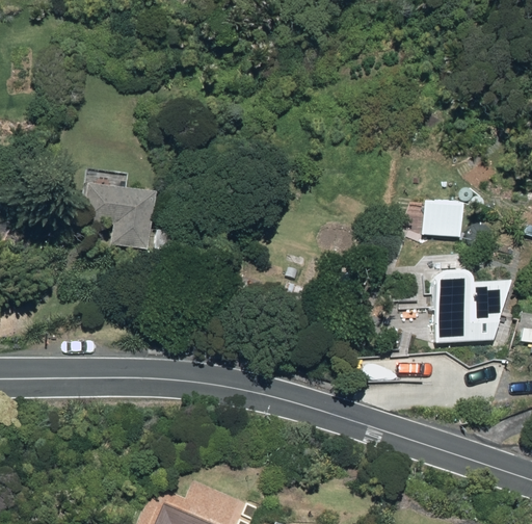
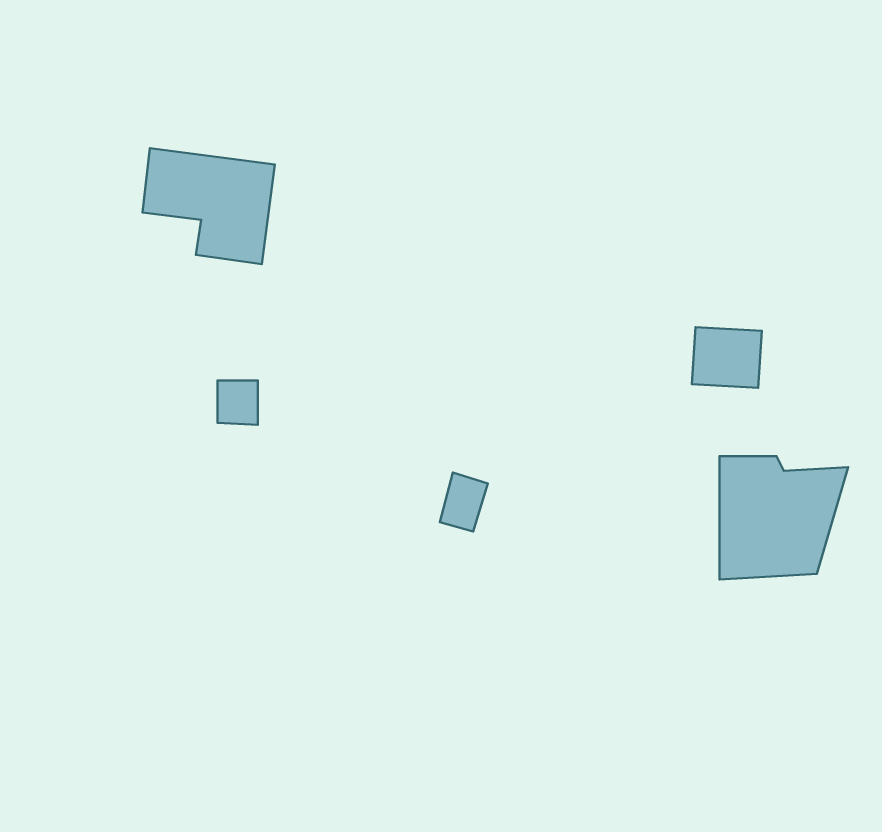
building: [81,182,156,247] -> [142,148,275,264]

